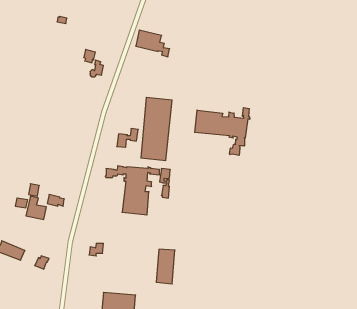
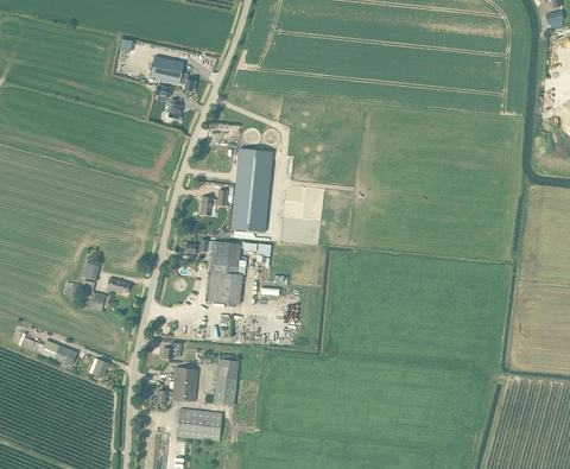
building: [136,30,170,57] -> [150,56,195,91]
building: [195,108,250,155] -> none
building: [156,249,175,284] -> [215,359,240,405]
building: none -> [154,367,198,404]

